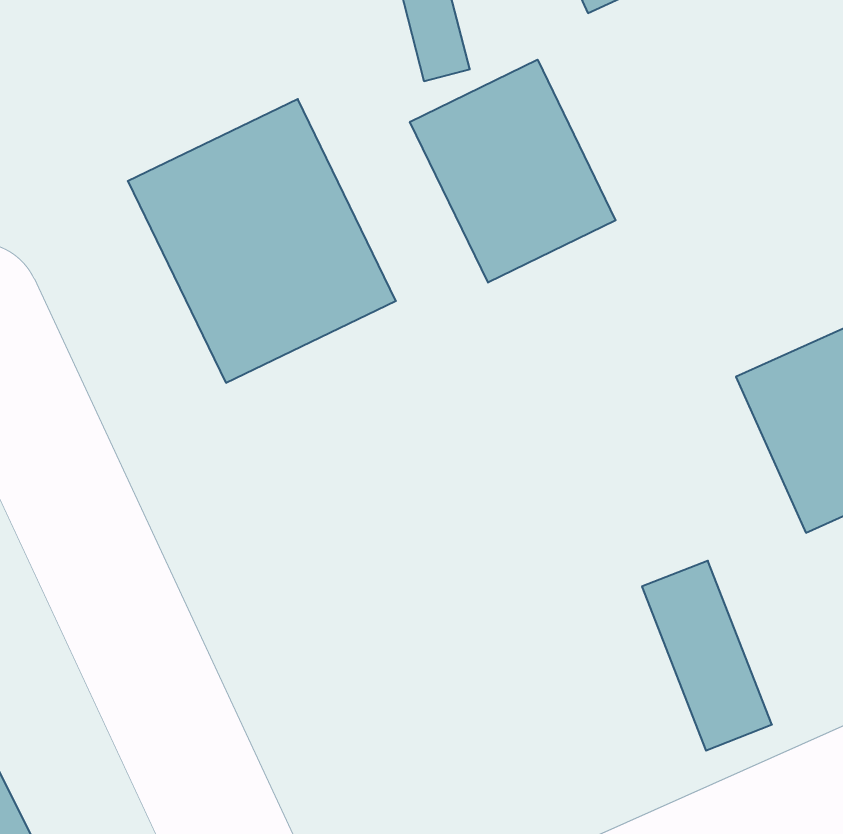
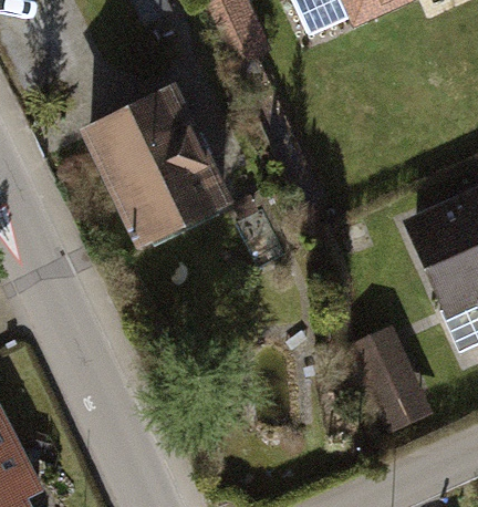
building: [410,60,616,283] -> none

